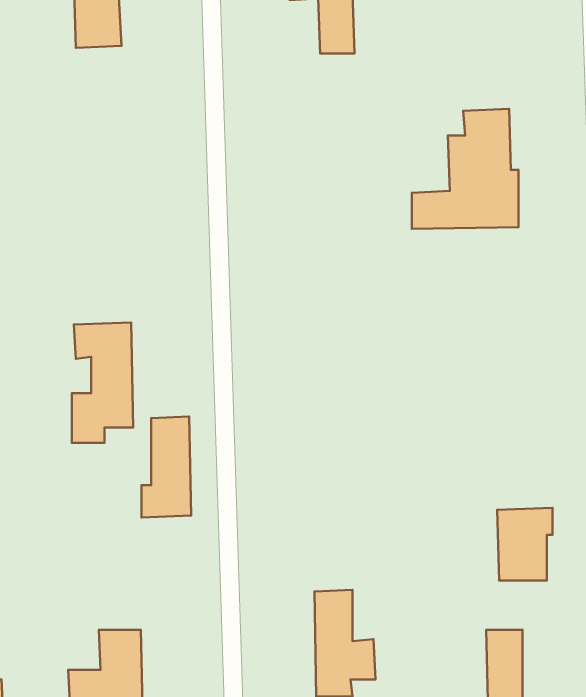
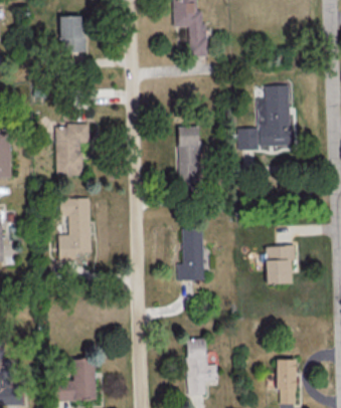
building: none -> [55,125,90,177]
building: none -> [179,127,200,195]
building: [142,416,191,518] -> [178,228,204,281]
building: [497,508,552,580] -> [267,246,296,284]

